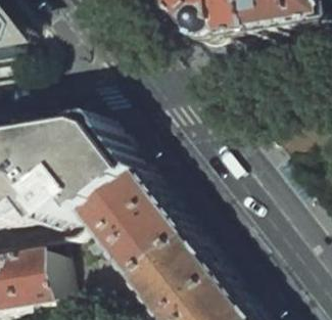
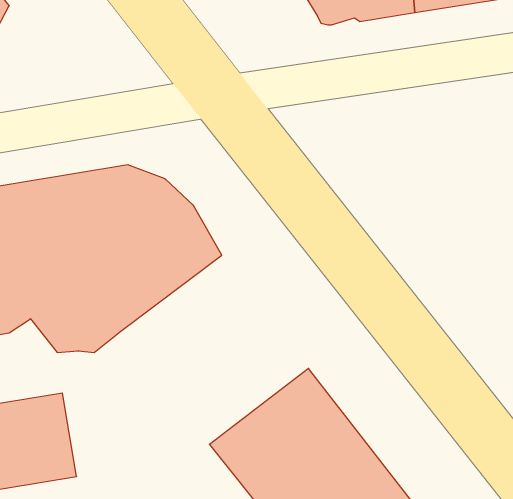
building: [91,177,199,286] -> none

